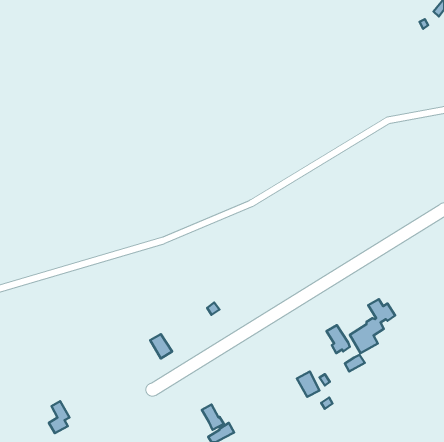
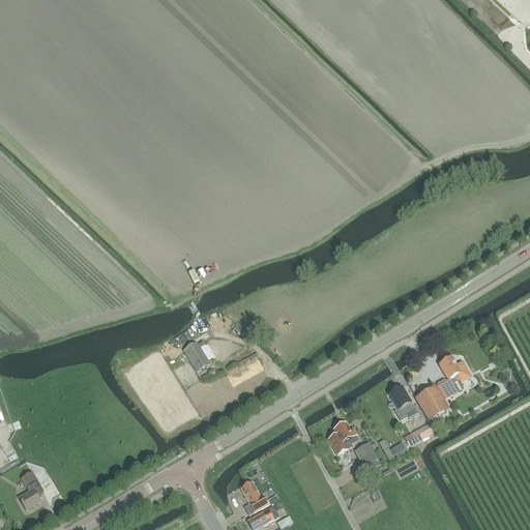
building: [150,334,172,359] -> [183,342,209,371]
building: none -> [327,420,357,453]
building: [49,401,70,433] -> [18,470,42,508]

